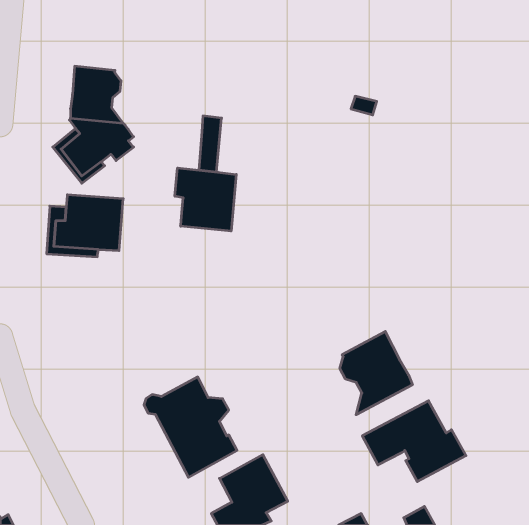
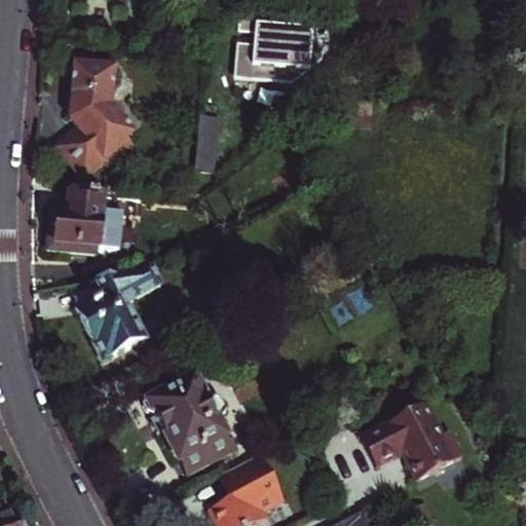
building: none -> [233,11,321,83]
building: [175,168,236,231] -> none
building: none -> [79,263,163,360]
building: [340,331,412,415] -> none

